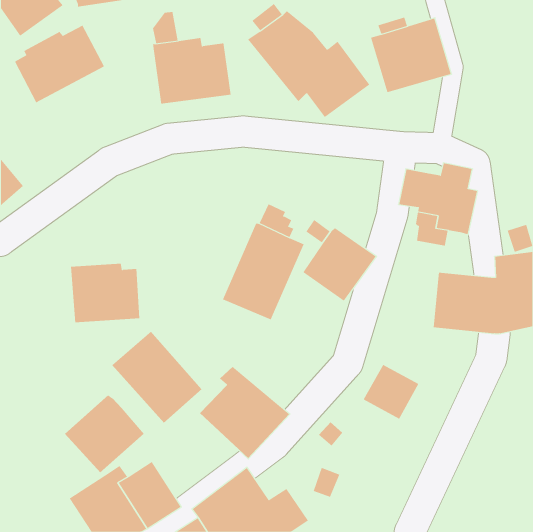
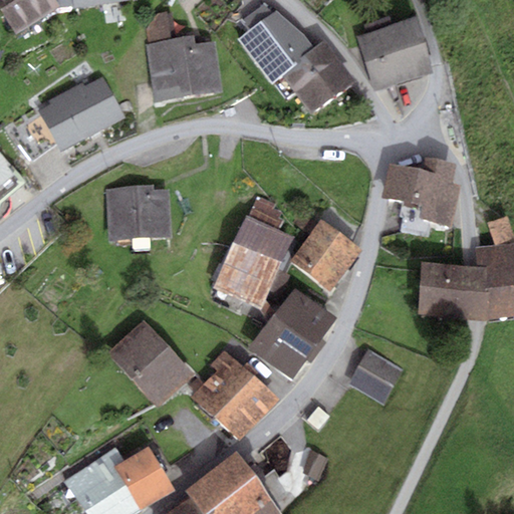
building: [14,25,105,103] -> [39,75,126,151]
building: [70,263,140,323] -> [104,184,172,241]
building: none -> [246,287,337,381]
building: [64,395,144,473] -> none

